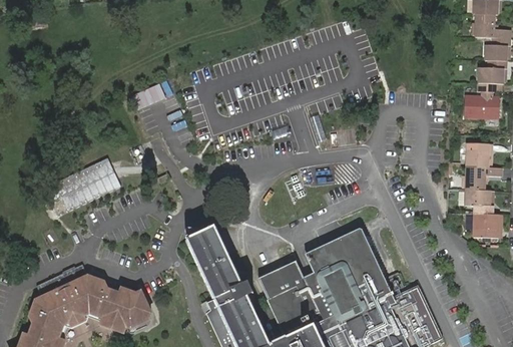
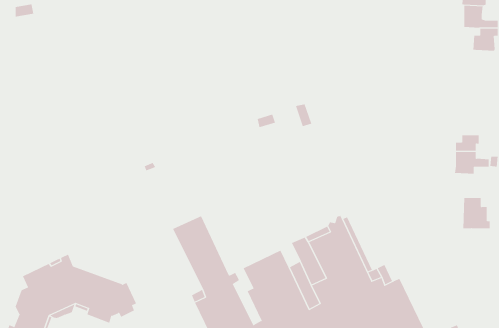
building: [477,61,506,85] -> none
building: [464,96,500,119] -> none
building: [53,156,120,210] -> none
building: [465,184,491,208] -> none

